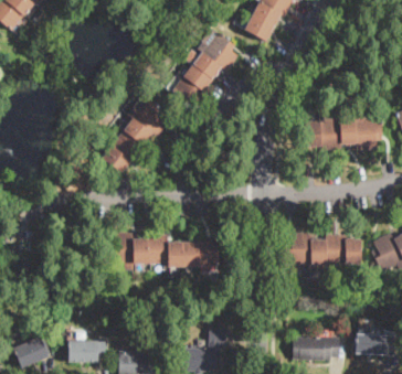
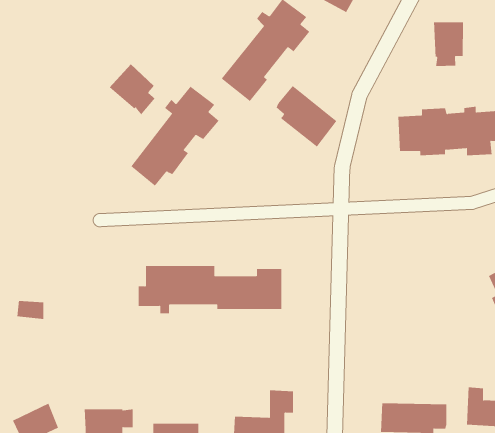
building: none -> [434,21,463,67]
building: none -> [109,64,156,115]
building: none -> [276,85,337,147]
building: [286,234,361,271] -> none

